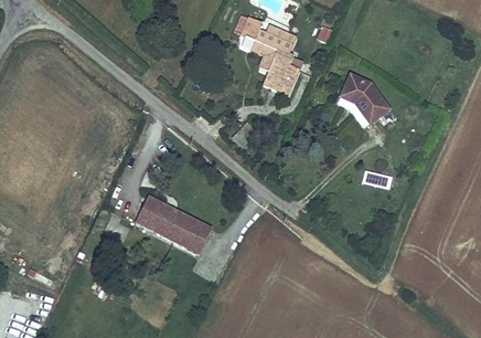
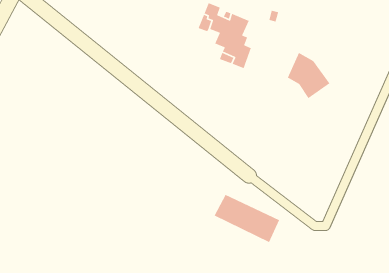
building: [137,197,213,253] -> [213,194,280,243]

